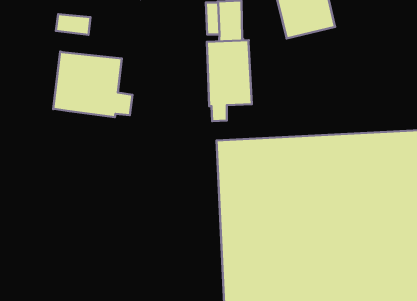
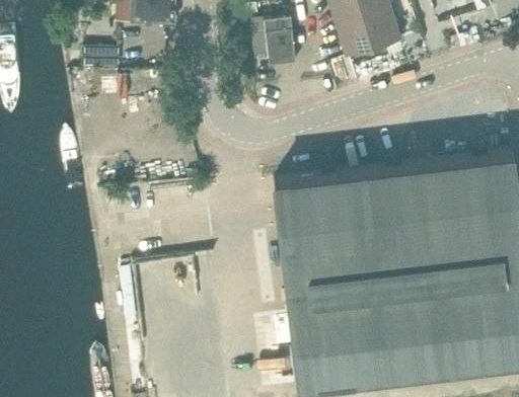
building: [207,40,252,121] -> none
building: [53,52,132,117] -> none

